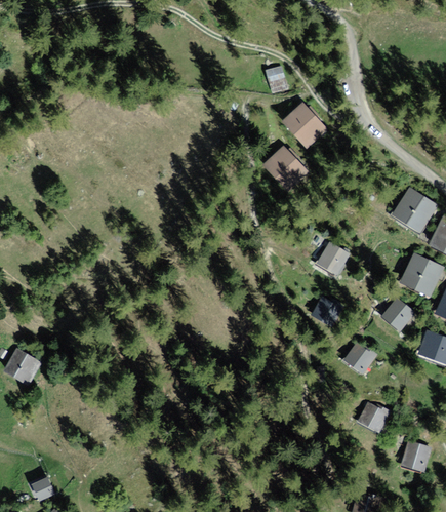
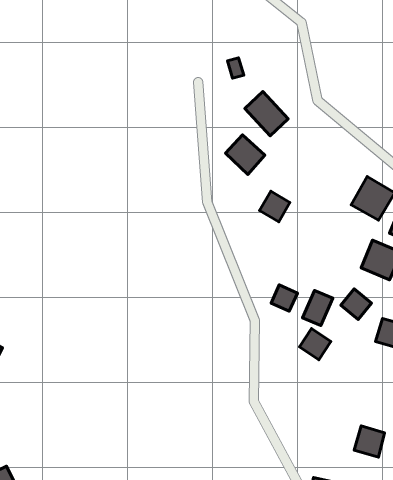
building: [315,245,346,276] -> [260,191,290,222]
building: none -> [303,291,333,325]
building: [357,403,388,433] -> none

